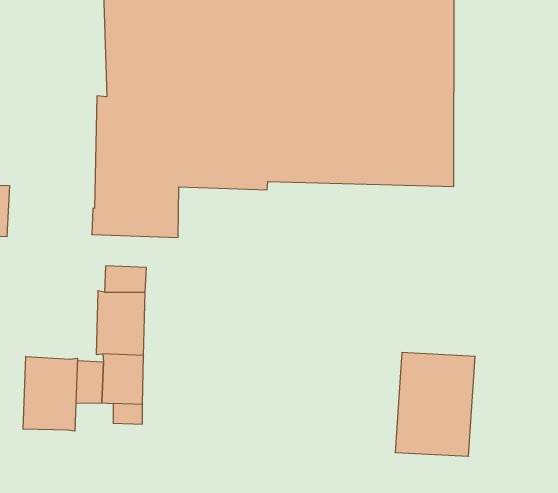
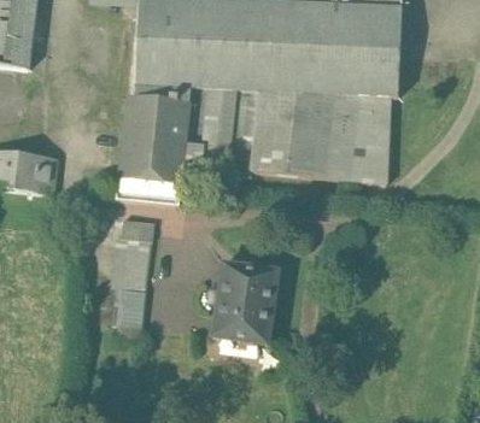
building: [395,353,475,456] -> [212,262,277,342]
building: [23,356,77,431] -> none

